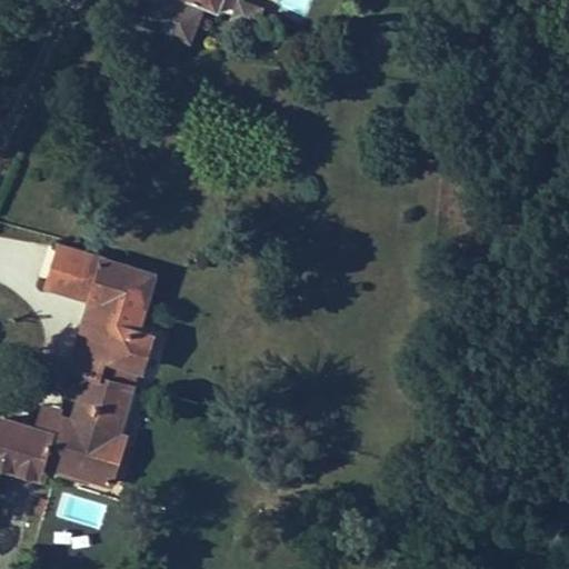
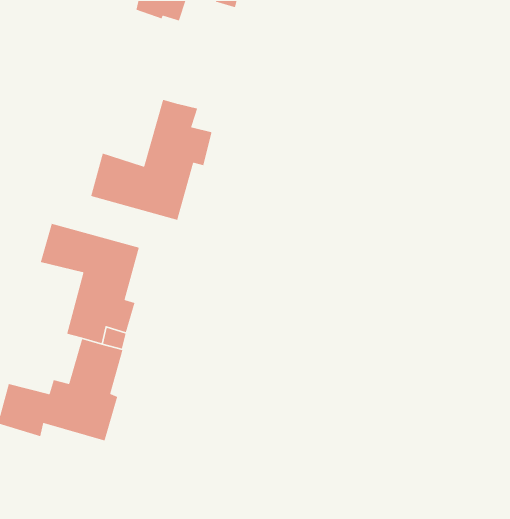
building: none -> [90,99,213,221]

